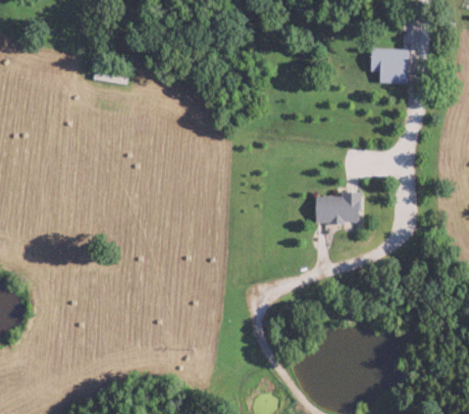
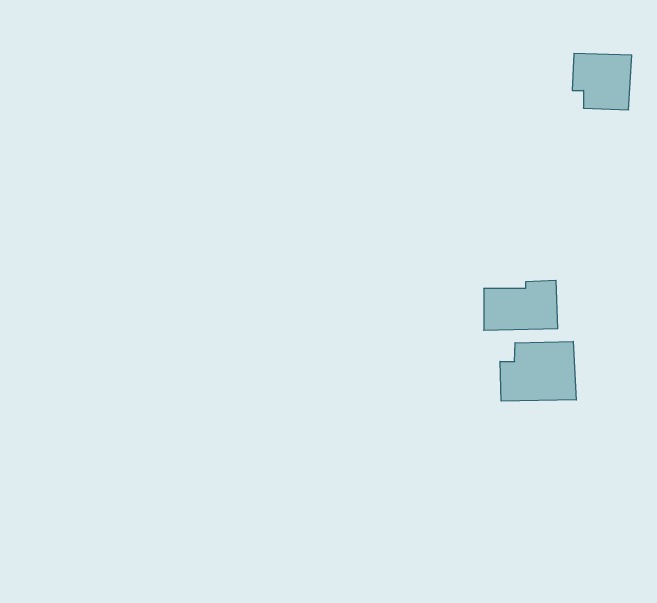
building: none -> [500,341,576,401]

